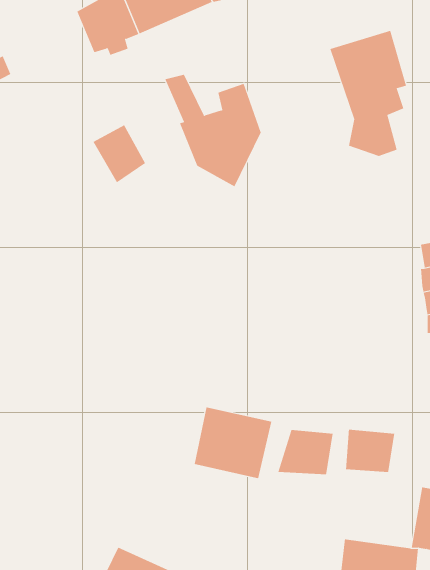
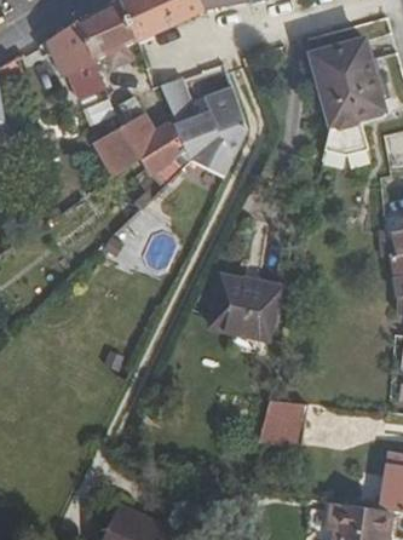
building: none -> [52,19,105,97]
building: none -> [119,96,189,184]
building: [194,407,272,479] -> [209,272,281,338]
building: [346,429,395,473] -> none

